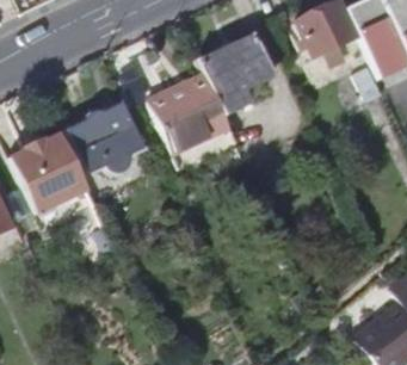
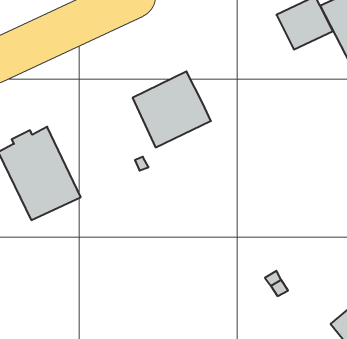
building: [198,32,275,110] -> none
building: [74,106,147,175] -> none

